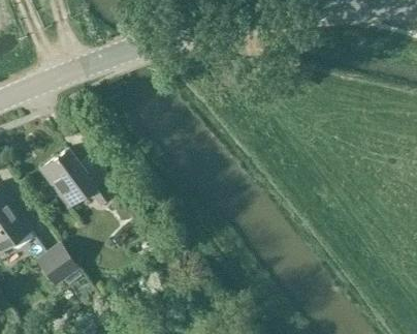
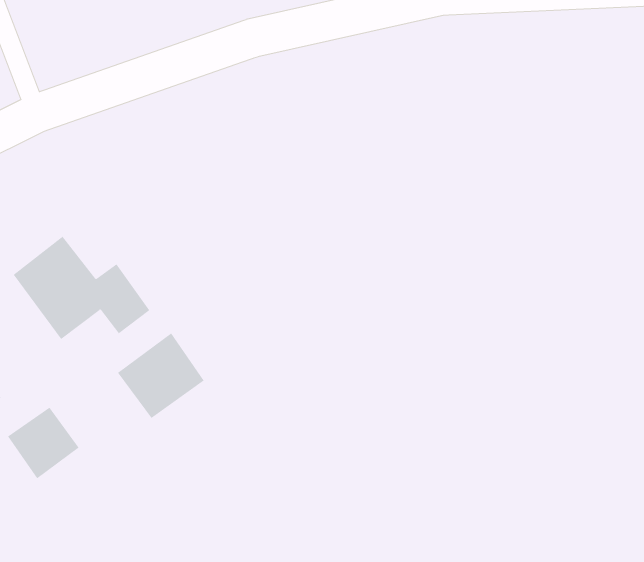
building: none -> [117,332,205,419]

